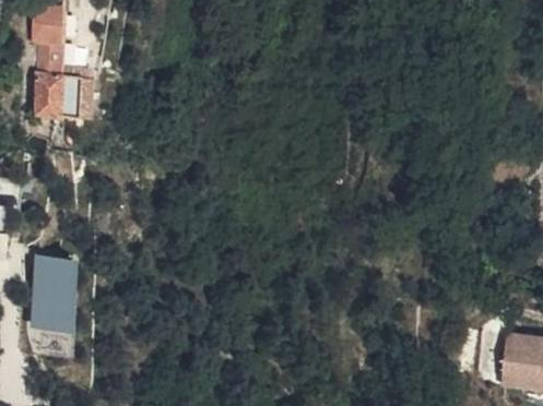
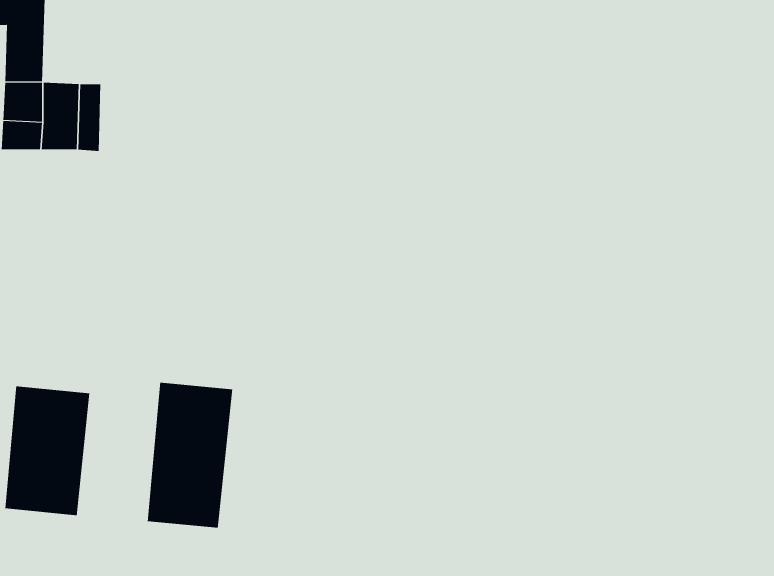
building: none -> [147,382,233,529]

